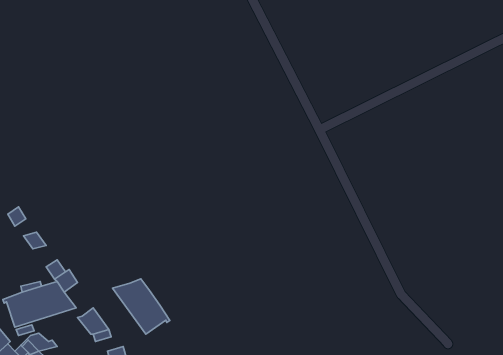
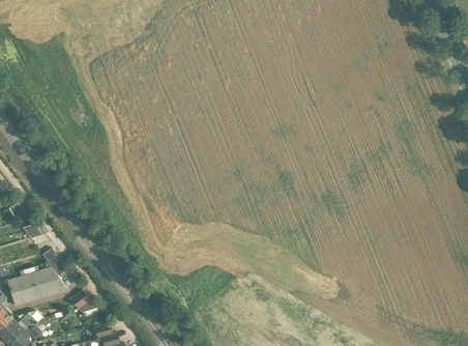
building: [112,279,170,334] -> none

